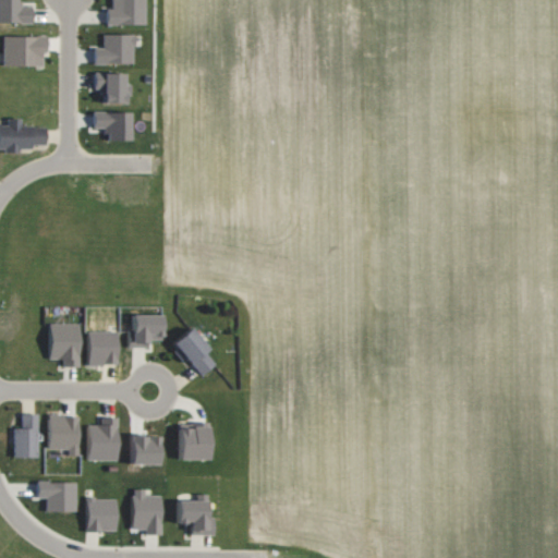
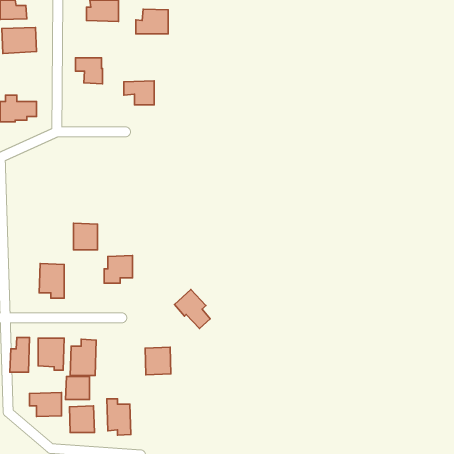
building: [95,34,134,64] -> [136,9,168,34]
building: [94,111,131,141] -> [124,81,154,105]
building: [171,327,215,375] -> [175,289,210,329]
building: [88,331,118,364] -> [73,223,97,250]
building: [131,435,160,463] -> [66,376,90,400]
building: [178,495,215,535] -> none

